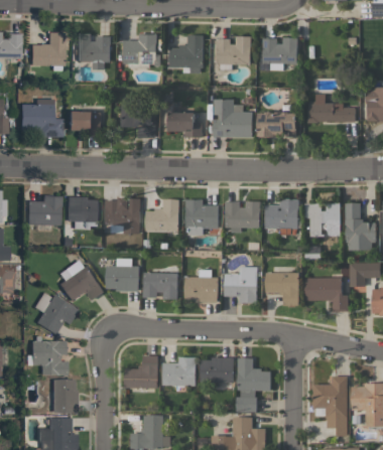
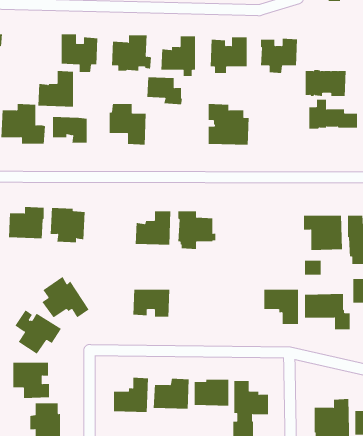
building: [30,32,65,66] -> [37,71,74,107]
building: [169,112,204,138] -> [146,77,183,105]
building: [259,112,298,137] -> [305,70,347,96]
building: [107,198,141,234] -> none
building: [266,198,299,229] -> none
building: [227,201,261,233] -> none
building: [107,260,140,292] -> none
building: [226,267,258,303] -> none
building: [185,270,219,302] -> none

